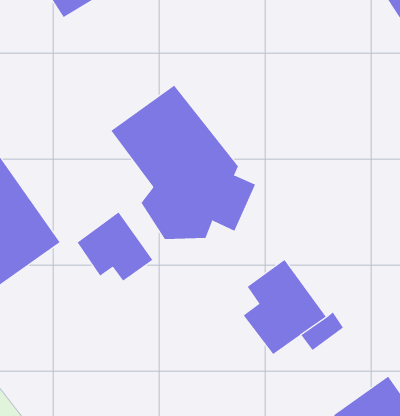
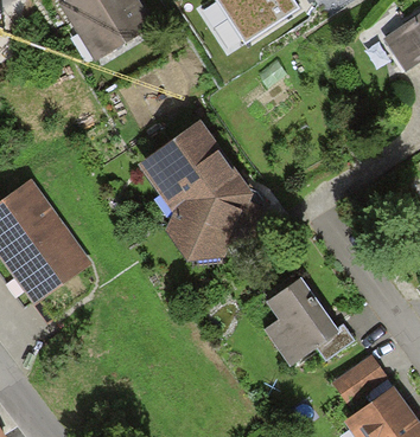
building: [77,211,153,282] -> none
building: none -> [330,352,382,399]

